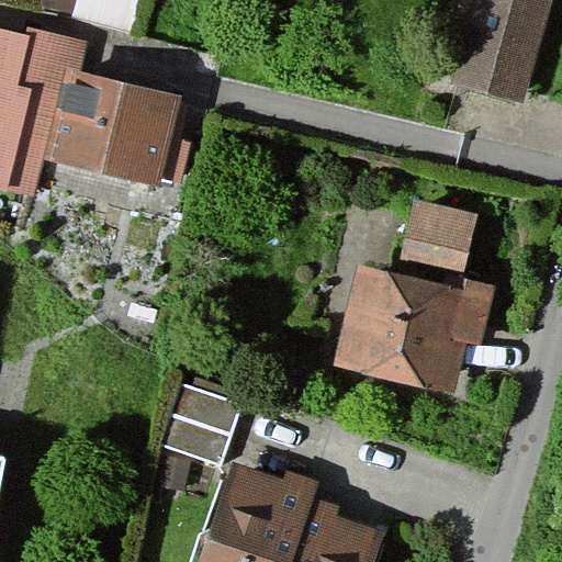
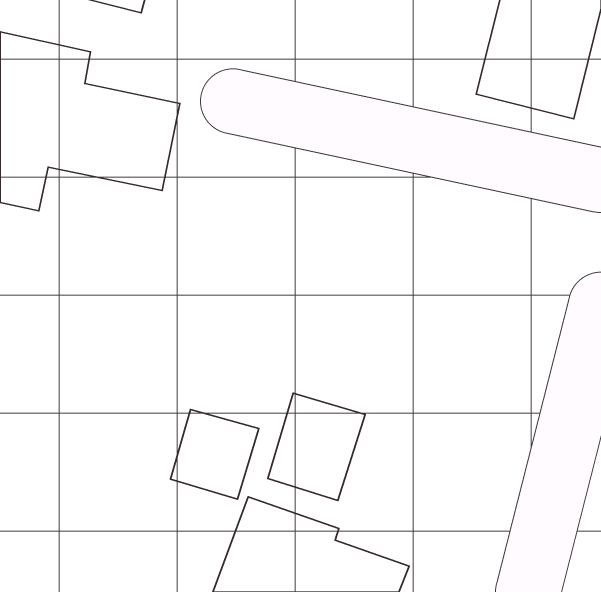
building: [335,202,492,393] -> none
building: none -> [268,393,365,500]

